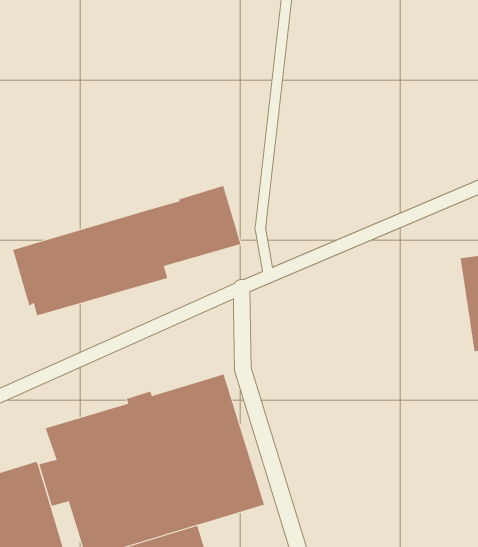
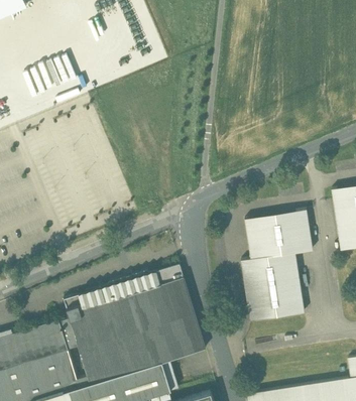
building: [12,185,241,316] -> none
building: none -> [241,212,313,323]

